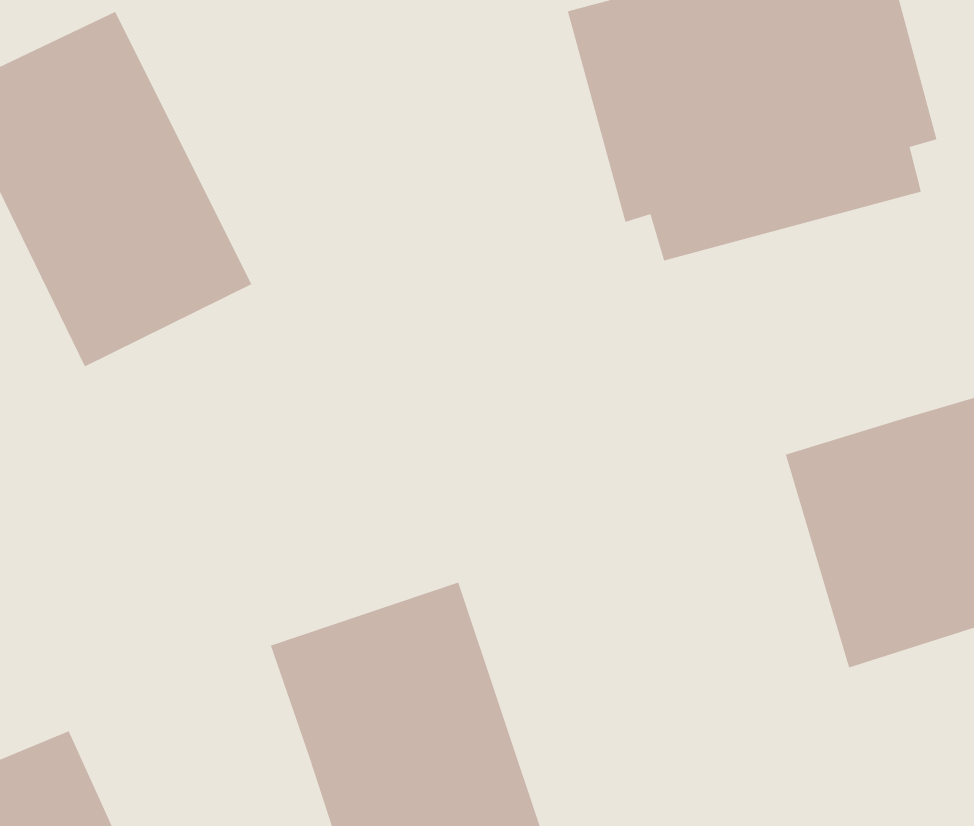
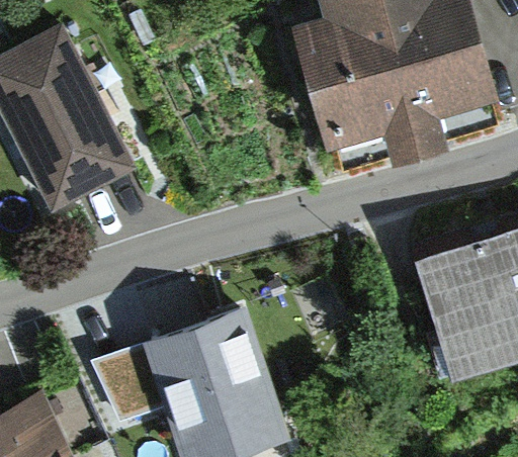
building: none -> [88,353,164,426]

